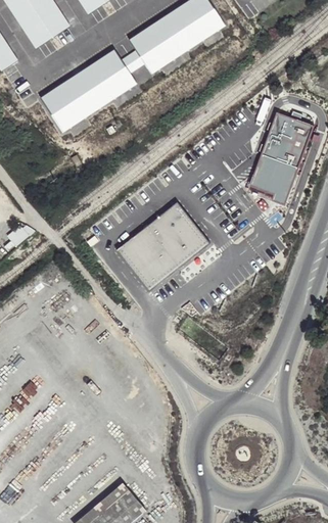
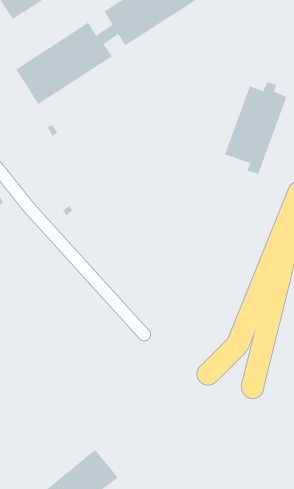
building: [115,202,208,291] -> none

